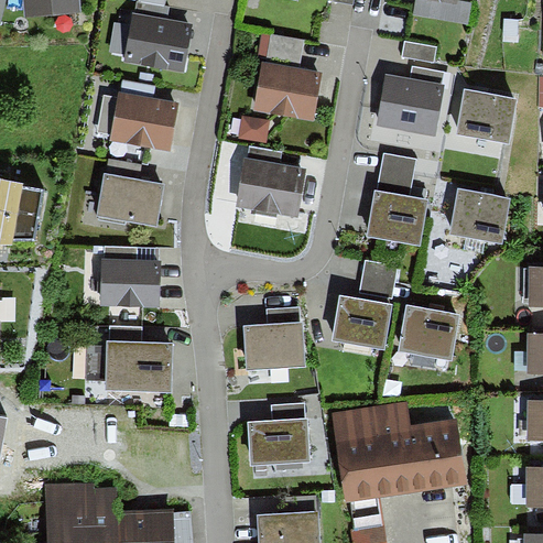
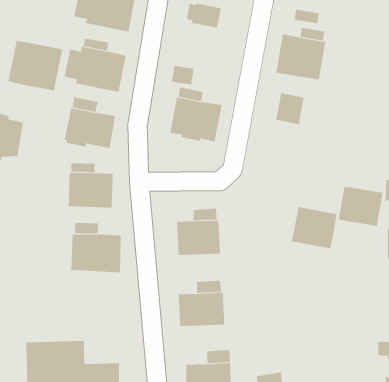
building: [252,62,323,121] -> none
building: none -> [8,40,63,91]
building: [457,89,517,144] -> none
building: [365,189,428,247] -> none
building: [449,189,510,243] -> [338,186,383,227]
building: [359,261,397,298] -> none
building: [332,295,392,350] -> none
building: [333,401,467,502] -> none

